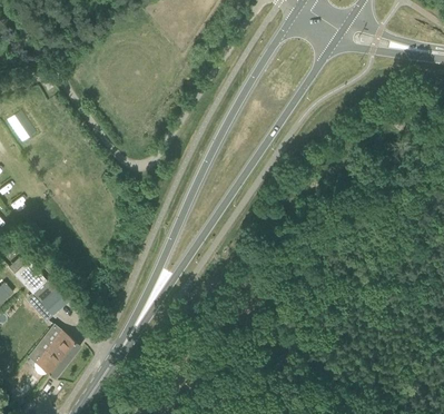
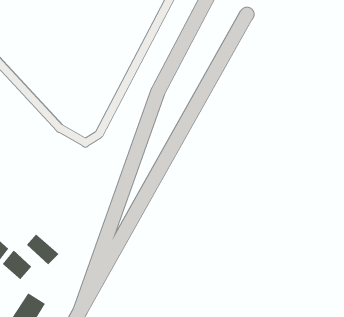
building: none -> [26,233,60,265]

